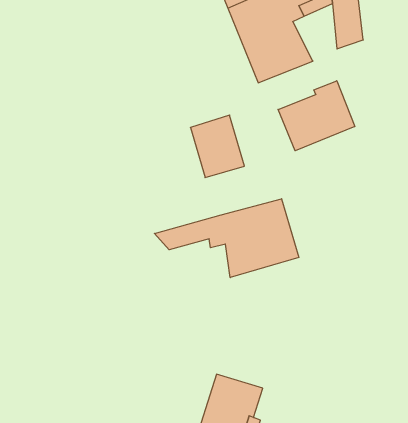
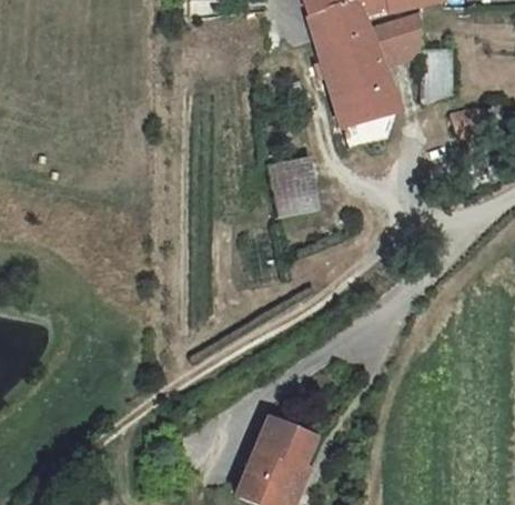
building: [278,81,355,151] -> none
building: [154,199,299,278] -> none

